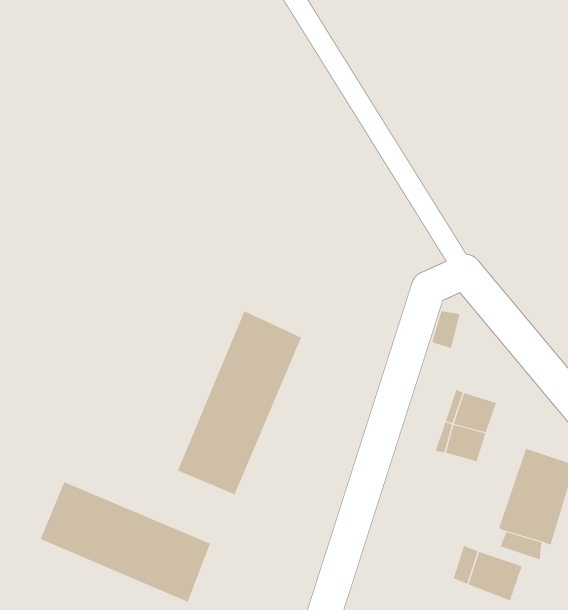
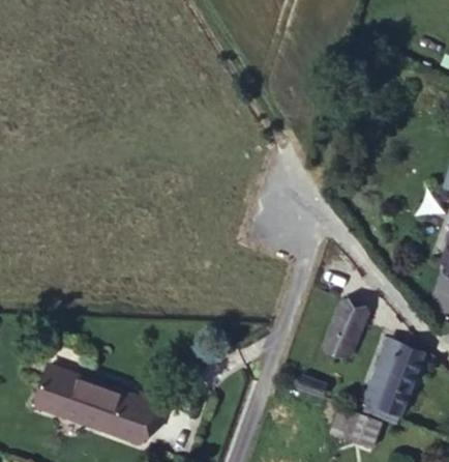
building: [177,311,302,495] -> none

